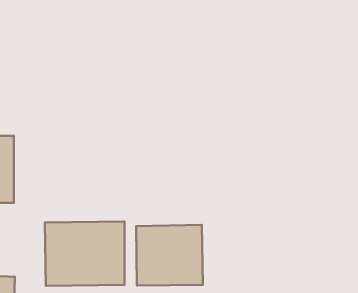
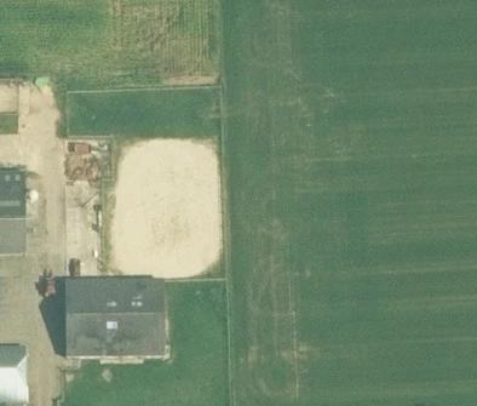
building: [136,225,203,286] -> none

